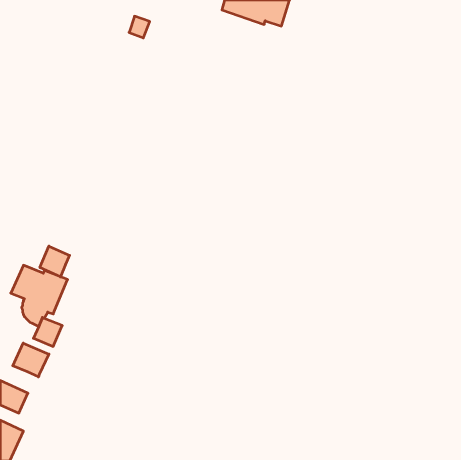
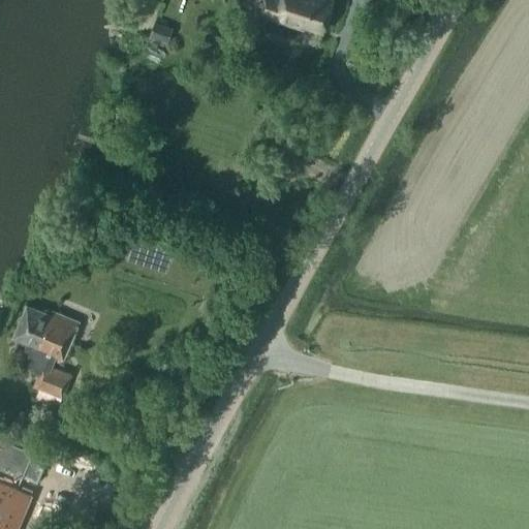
building: [40,246,70,277] -> none
building: [13,343,49,377] -> none

